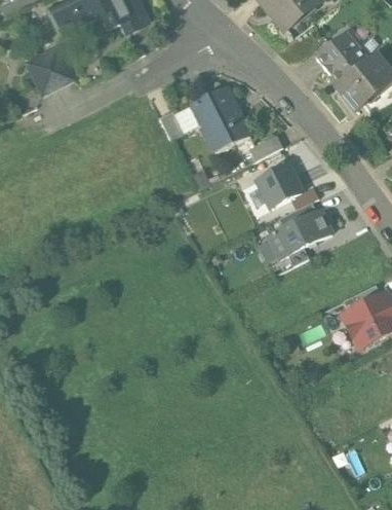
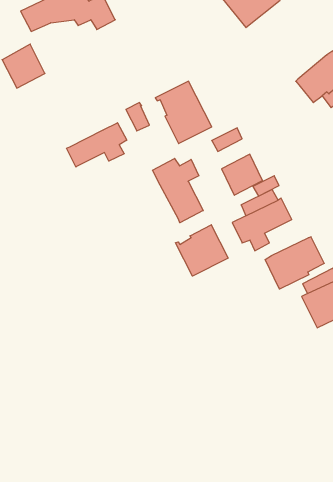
building: [316,31,369,84] -> none
building: none -> [67,123,127,167]
building: none -> [153,158,203,223]
building: none -> [175,225,228,276]
building: none -> [265,237,324,289]

